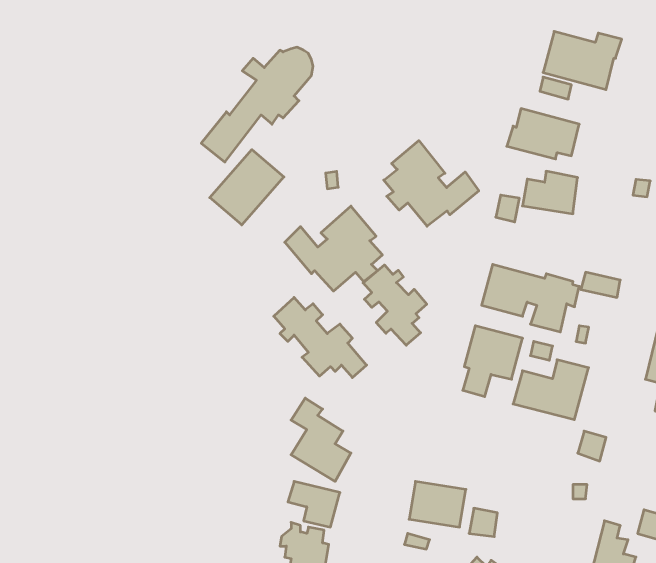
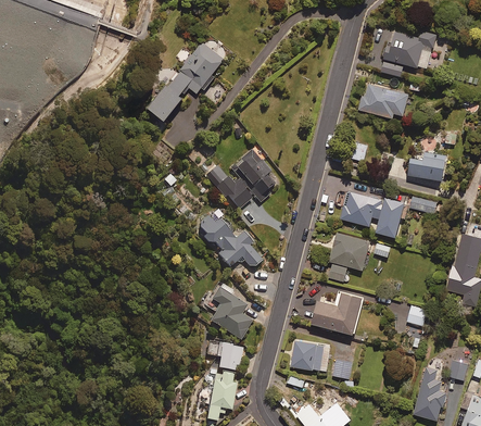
building: [384,141,479,226] -> none
building: [210,150,284,225] -> none
building: [522,171,578,214] -> [407,151,445,180]
building: [363,265,427,345] -> none
building: [513,360,589,420] -> [311,292,363,334]

